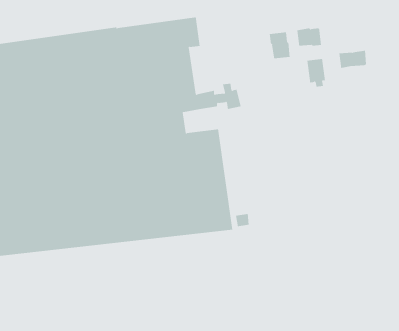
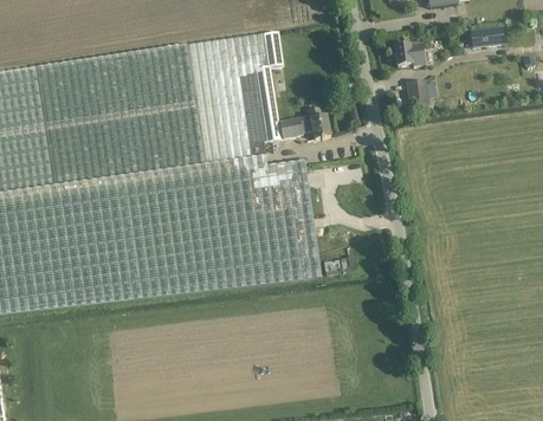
building: [269,31,290,59] -> none
building: [338,50,367,69] -> [468,26,502,47]

